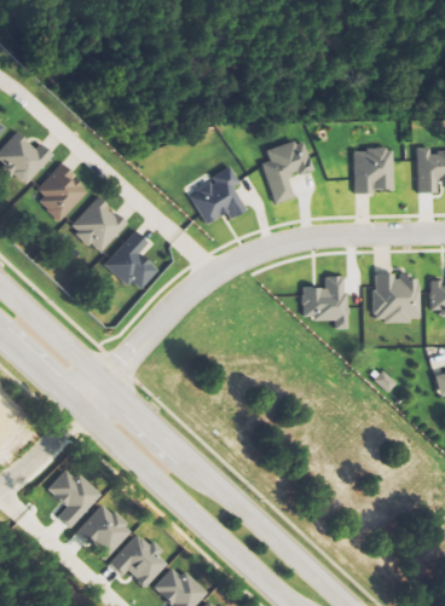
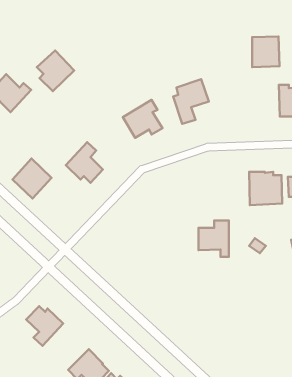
building: [352,148,392,192] -> [252,36,279,67]
building: [34,163,88,223] -> [37,51,74,91]
building: [69,196,126,254] -> [13,159,51,198]
building: [300,276,345,329] -> [198,220,229,257]
building: [75,503,131,559] -> none

